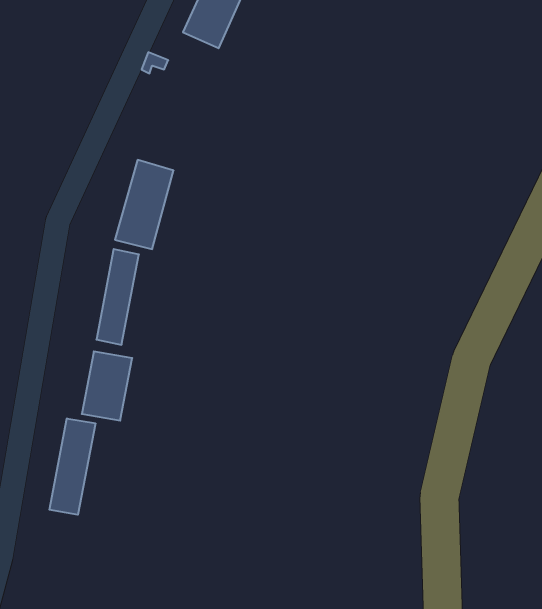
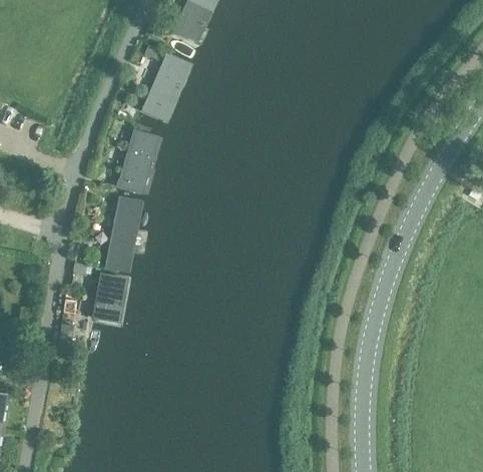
building: none -> [140,52,192,123]
building: [49,418,95,515] -> none

